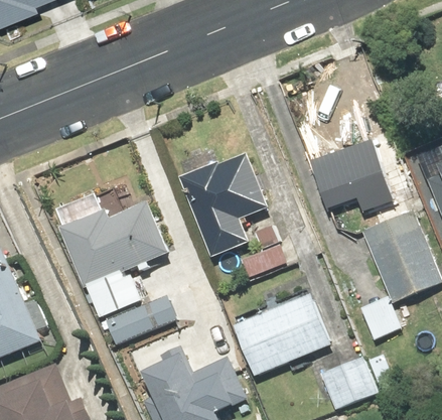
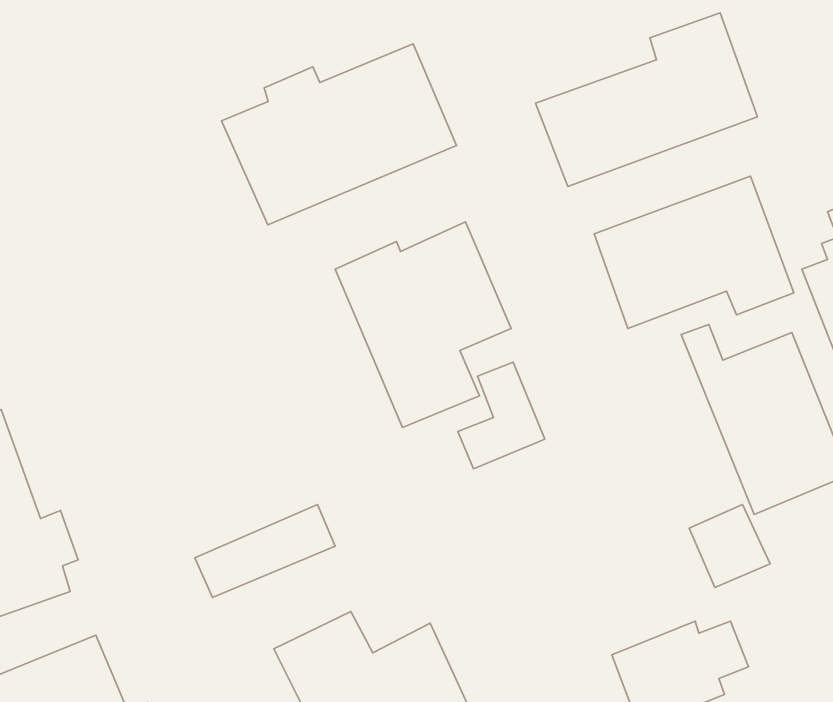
building: none -> [536,13,758,187]
building: none -> [222,44,457,225]
building: [52,193,167,317] -> none
building: [233,295,328,377] -> none

